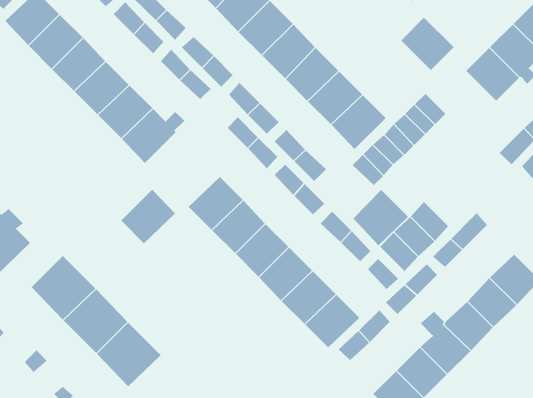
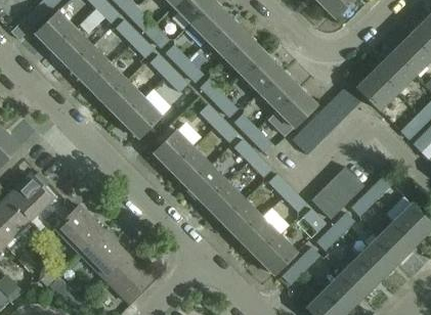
building: [400,17,455,71] -> [357,70,397,109]
building: [120,189,176,244] -> [153,129,193,170]
building: [352,189,409,246] -> none

